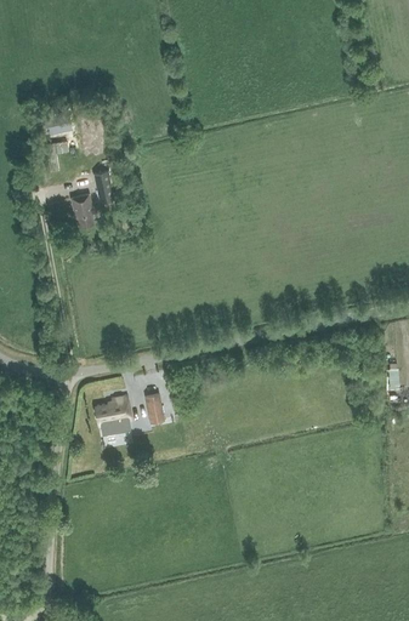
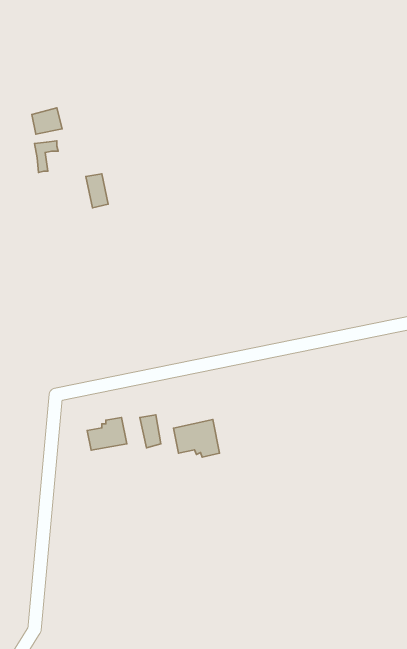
building: [70,196,93,229] -> none
building: none -> [173,420,220,457]

